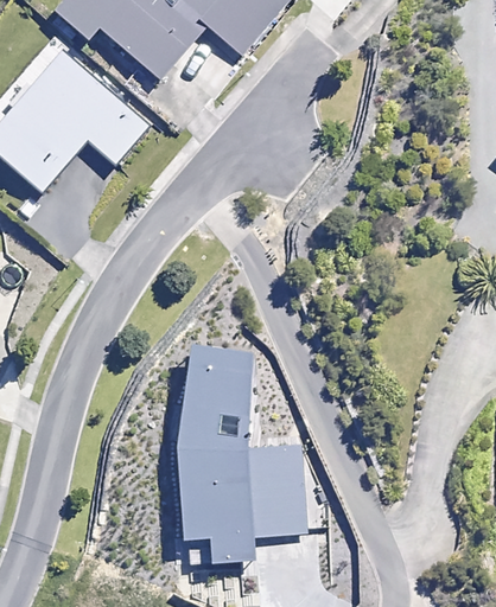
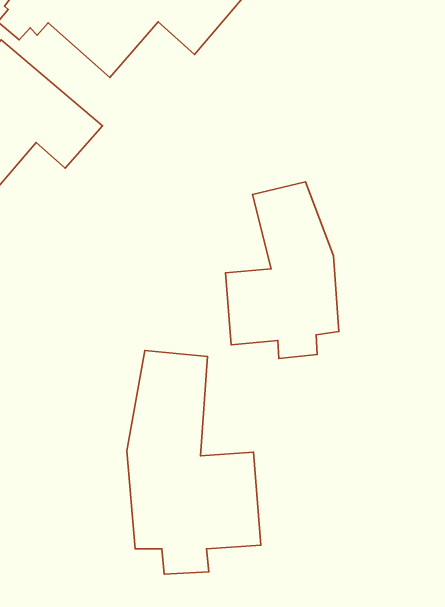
building: none -> [225,182,339,358]

